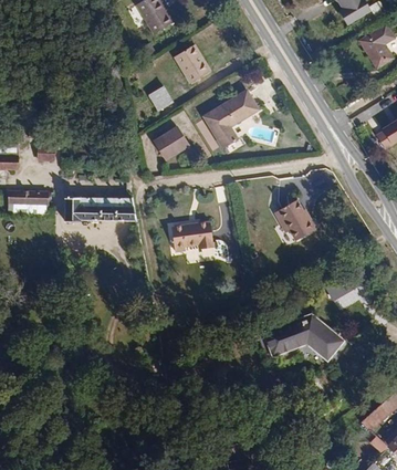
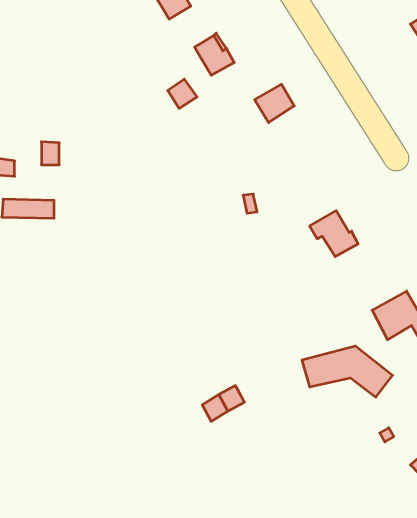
building: [205,104,238,148] -> none
building: [155,124,191,157] -> none
building: [62,196,137,221] -> none
building: [173,222,213,250] -> none

